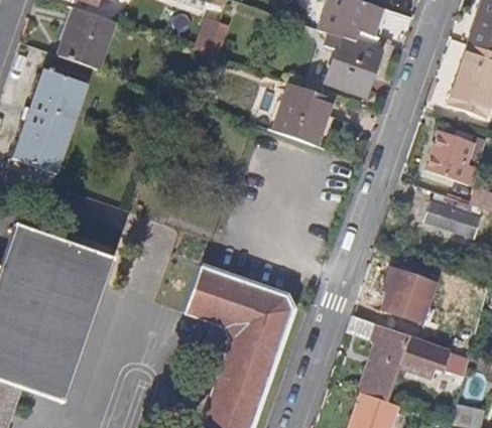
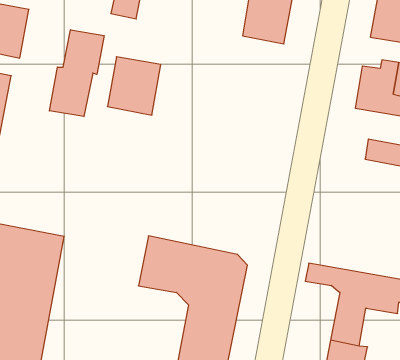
building: none -> [49,30,104,117]
building: [269,85,328,147] -> [107,57,161,115]
building: [386,270,440,322] -> none

